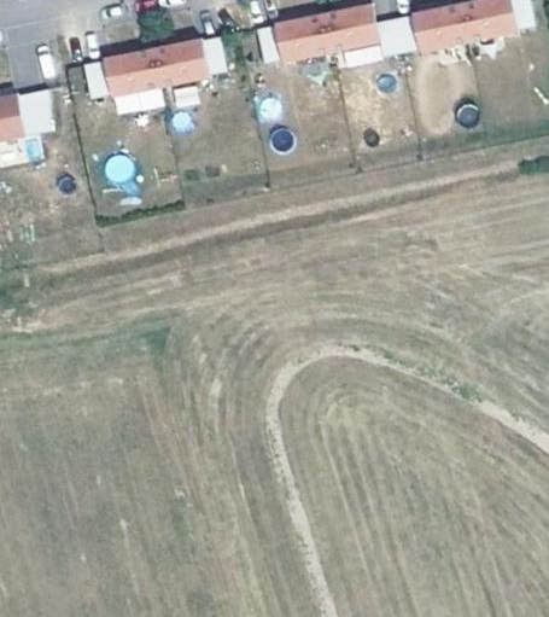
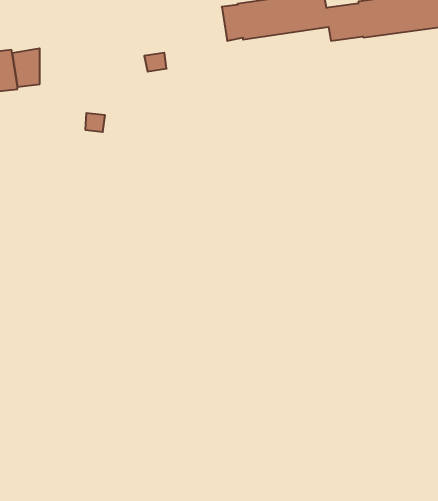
building: [84,34,229,99] -> none

